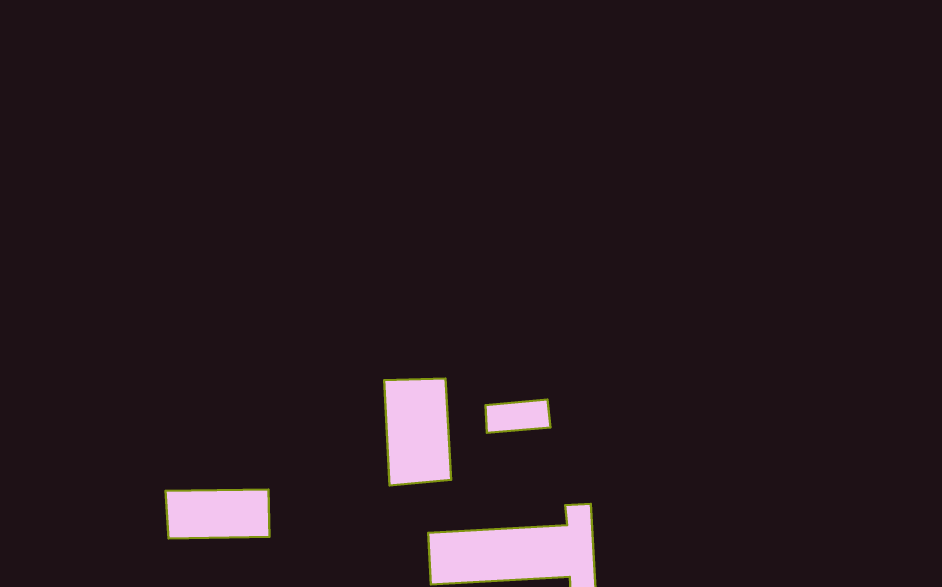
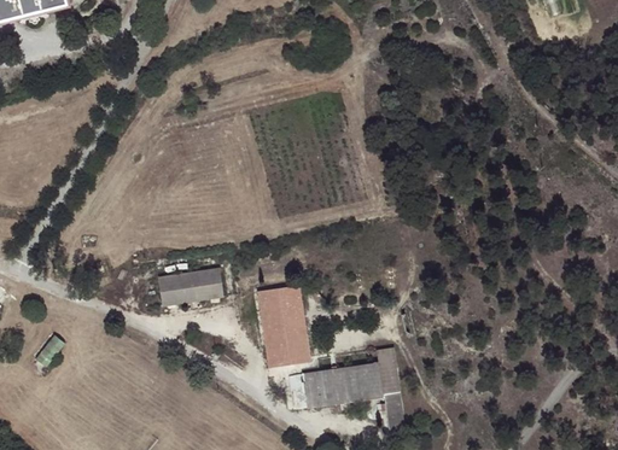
building: [486,399,550,433] -> [268,344,309,368]
building: [166,489,269,539] -> [158,263,225,299]

